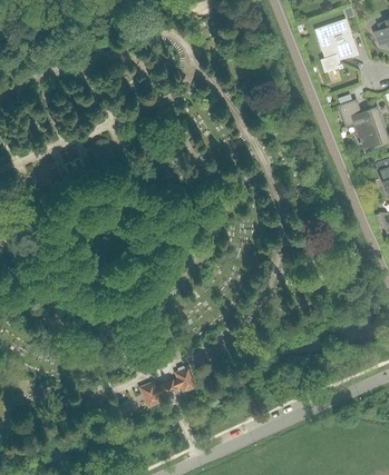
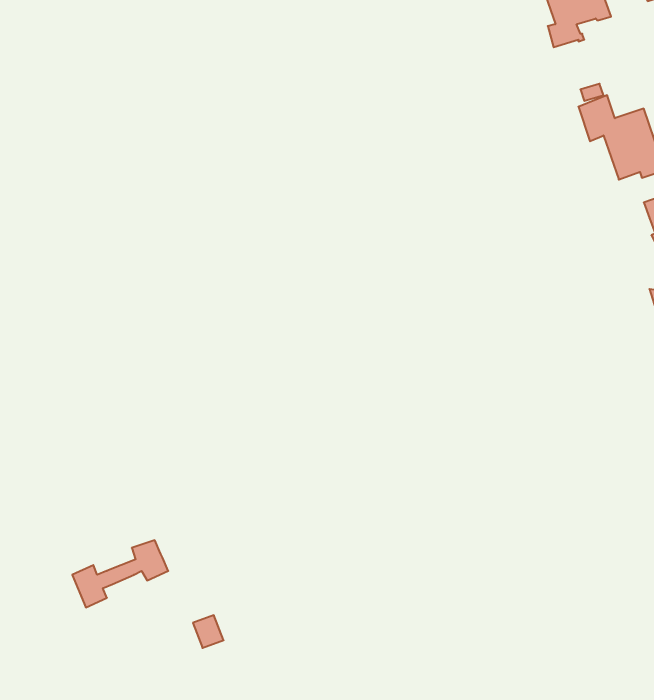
building: [140,367,196,406] -> [72,540,168,607]

